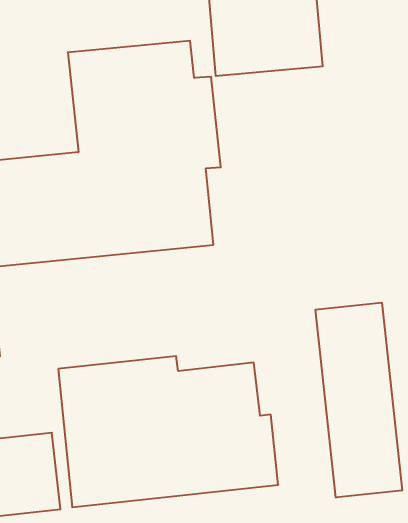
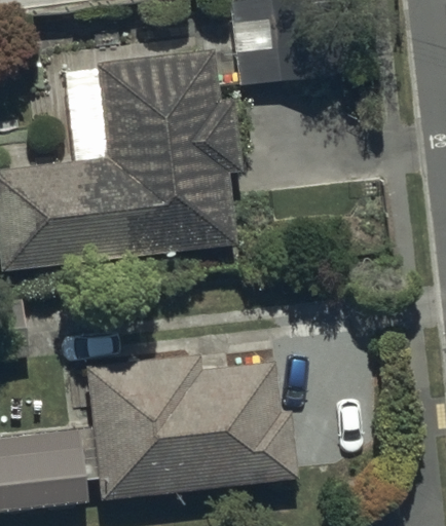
building: [316,303,402,498] -> none

